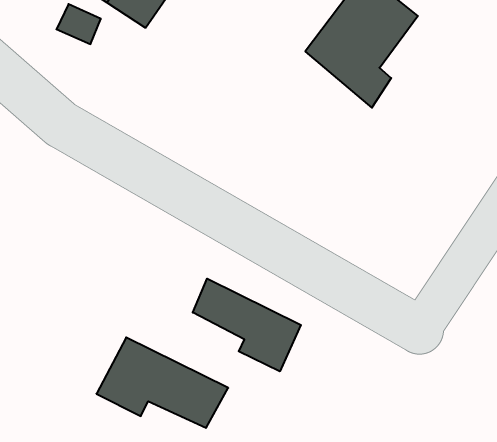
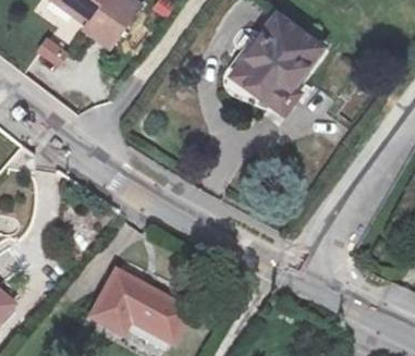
building: [193,279,301,371] -> none

